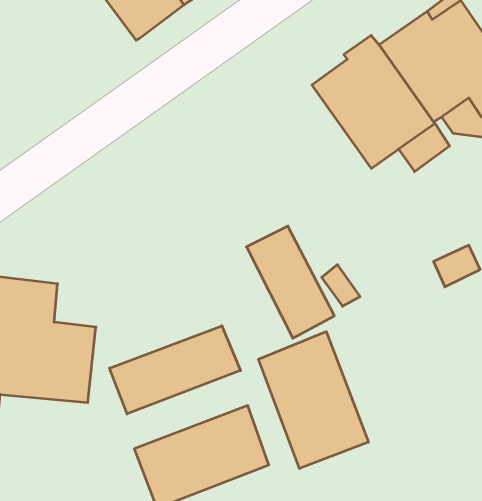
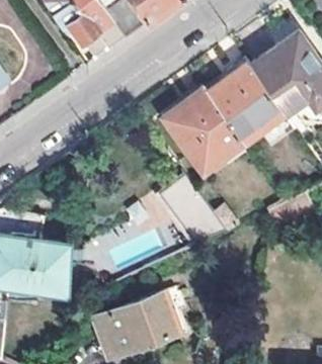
building: none -> [162,87,243,172]
building: [110,326,241,414] -> none
building: [259,332,368,469] -> none

